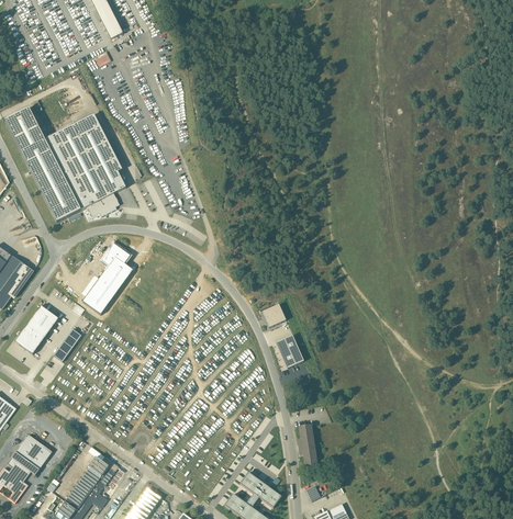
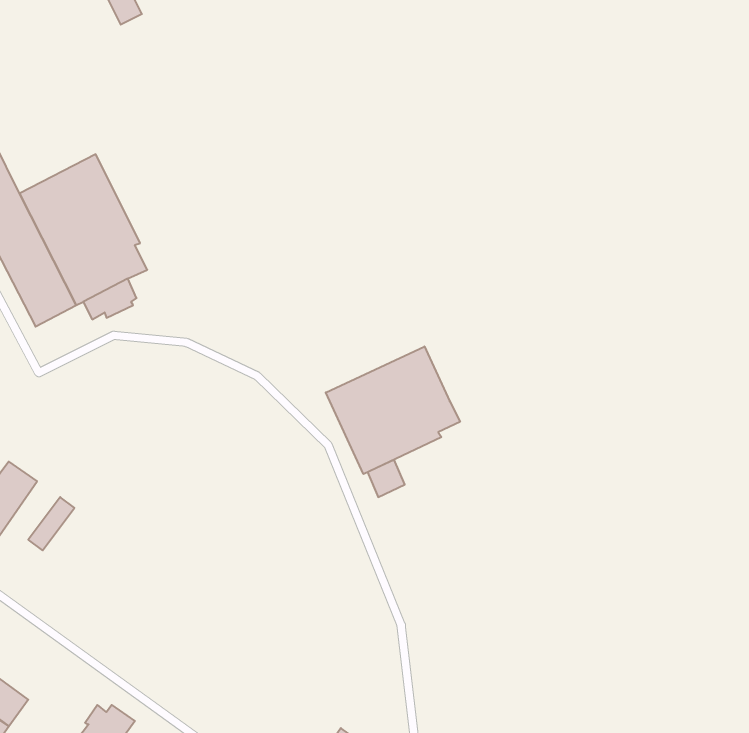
building: none -> [326,346,460,474]
building: [82,241,133,313] -> none
building: [276,335,304,368] -> none
building: [298,424,317,467] -> none

